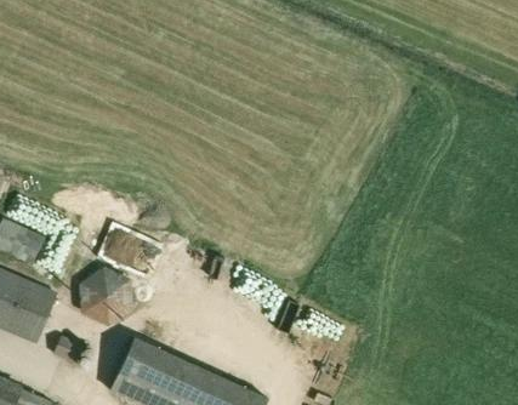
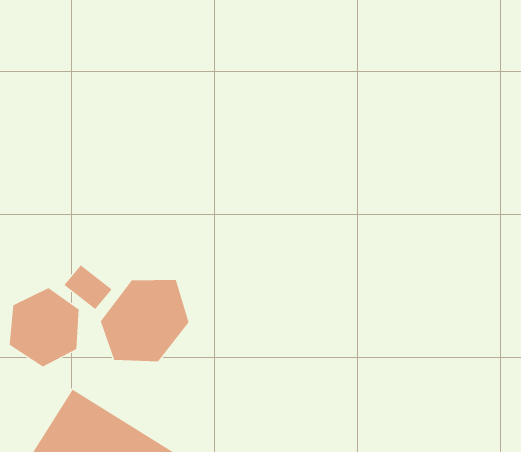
building: none -> [100,279,189,362]

